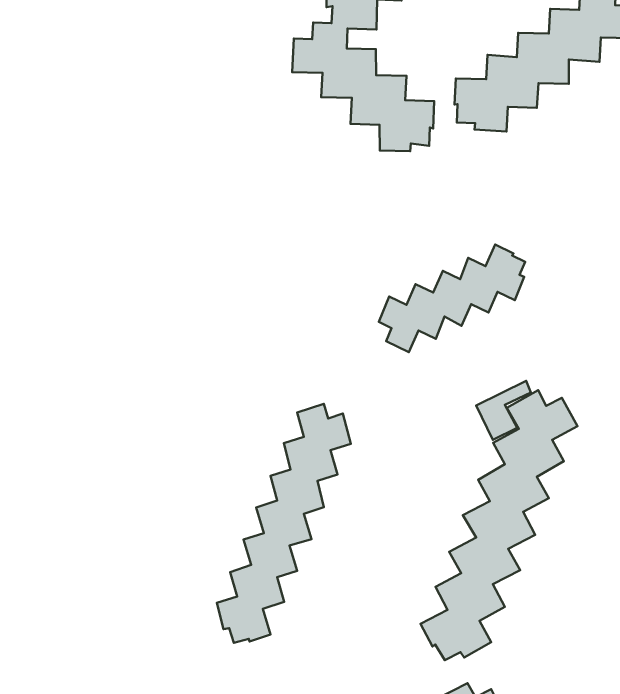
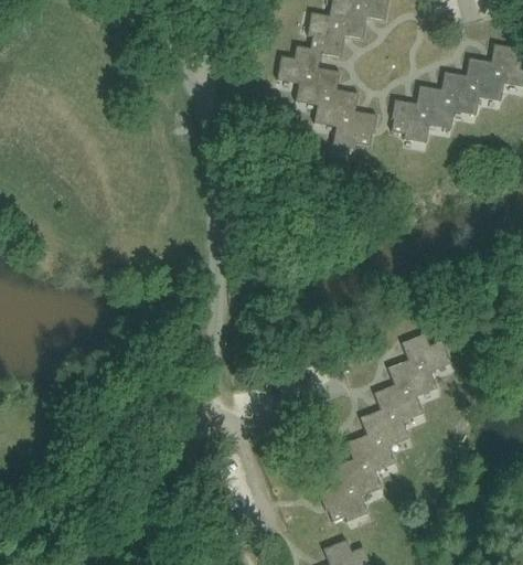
building: [379,244,525,352] -> none
building: [217,404,351,643] -> none

